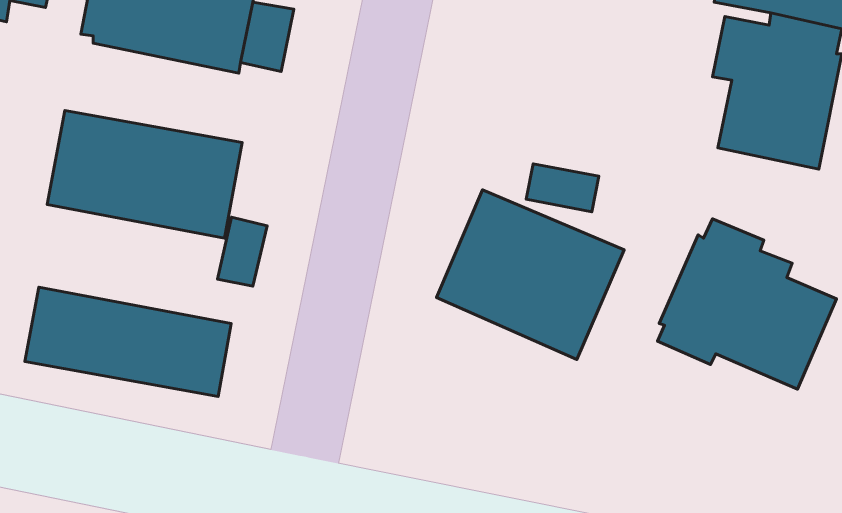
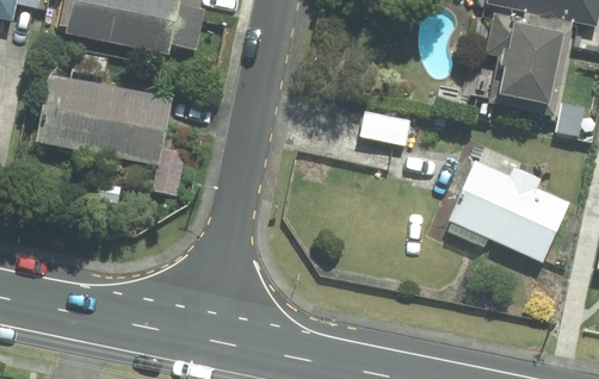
building: [436,190,624,359] -> none
building: [25,287,231,397] -> none

